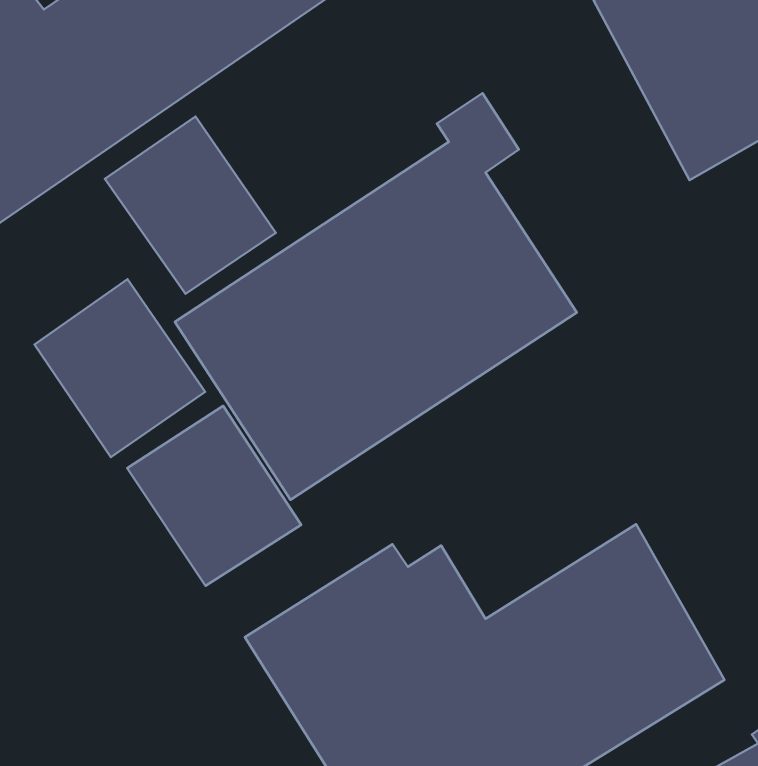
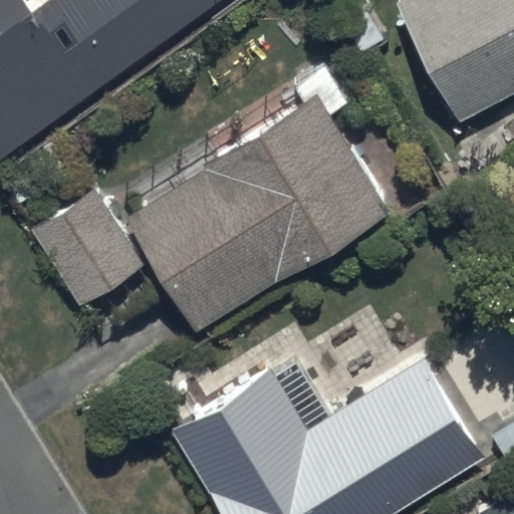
building: [105,117,276,294] -> none
building: [127,406,301,586] -> none

